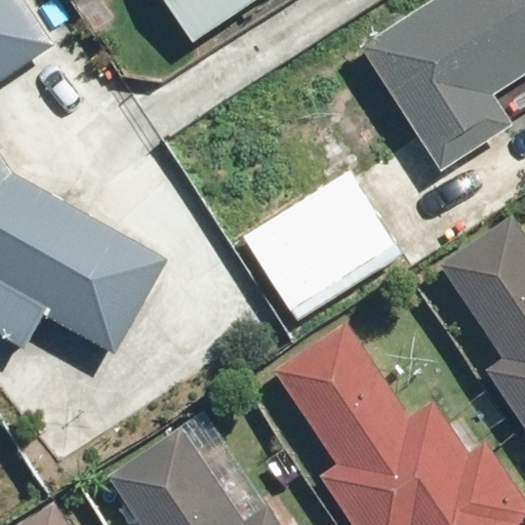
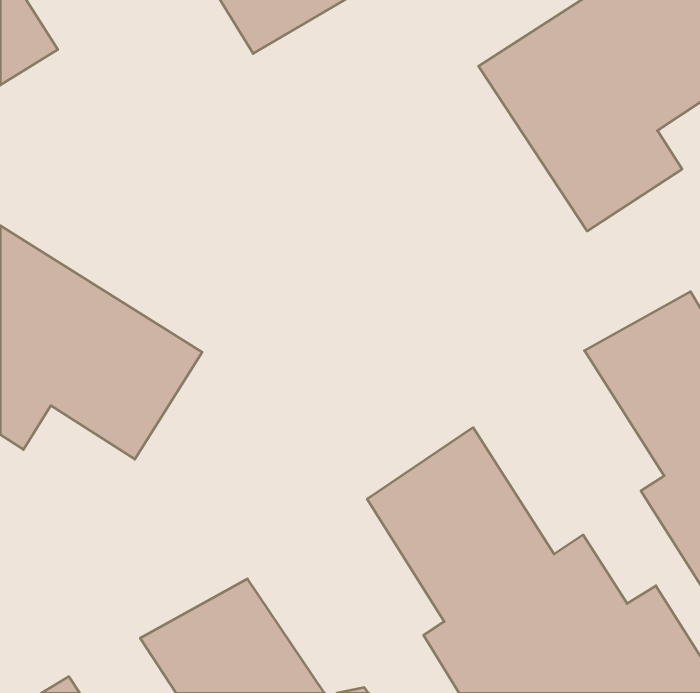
building: [243,173,404,325] -> none

